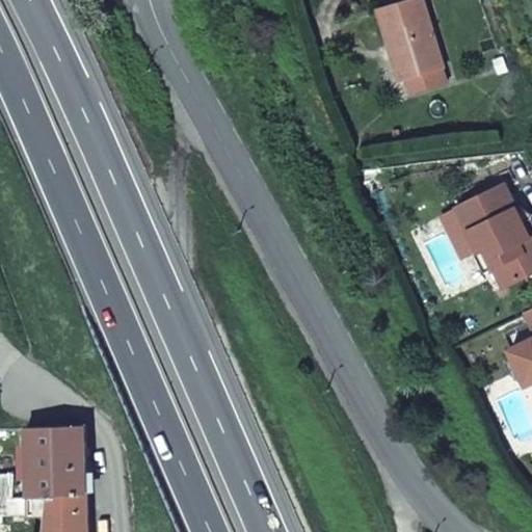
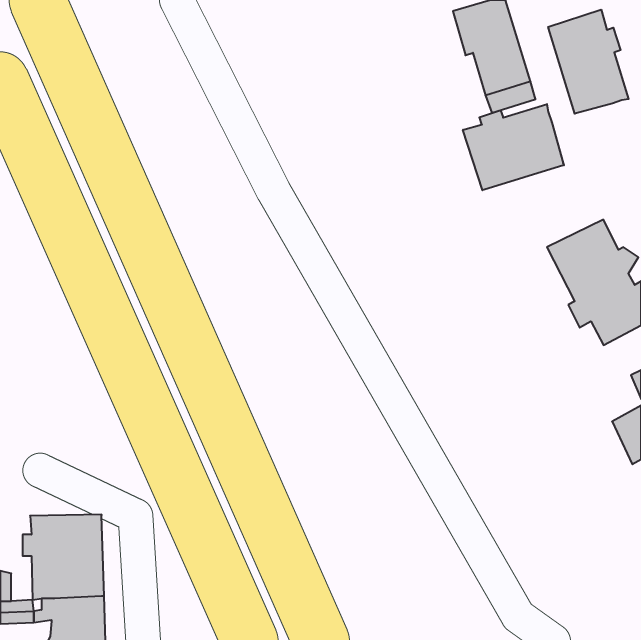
building: none -> [548,10,629,114]
building: none -> [463,104,564,190]

